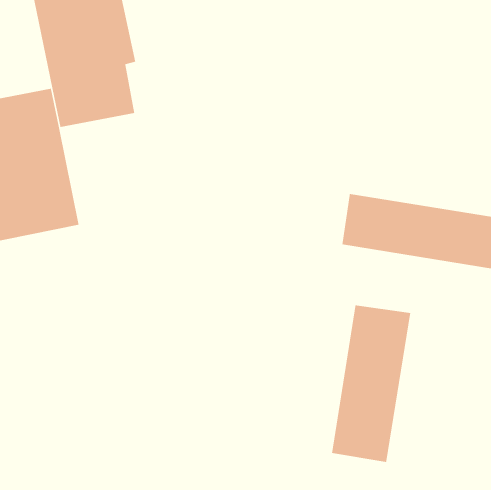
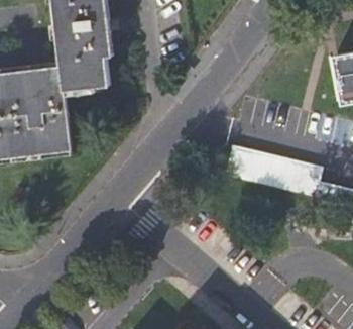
building: [331,304,411,463] -> none

